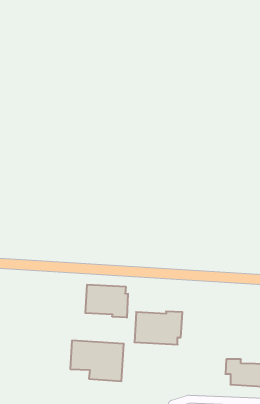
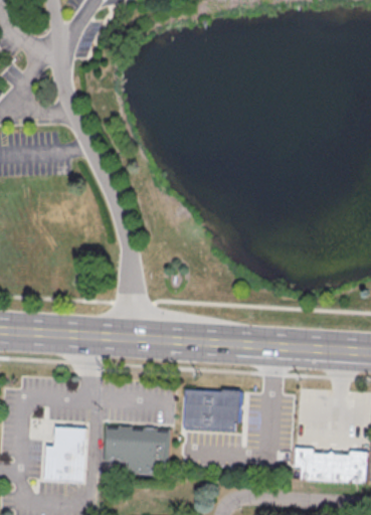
building: [85,285,128,318] -> none
building: none -> [42,427,85,483]

